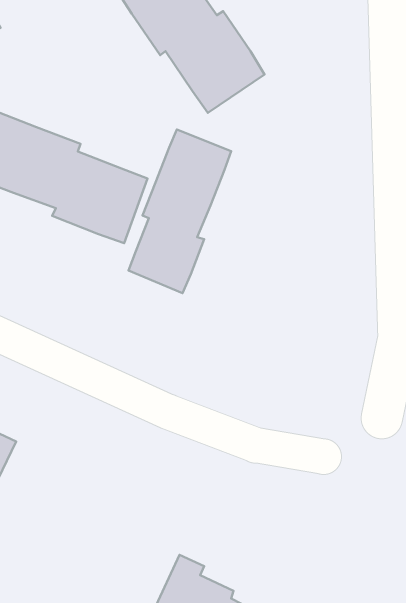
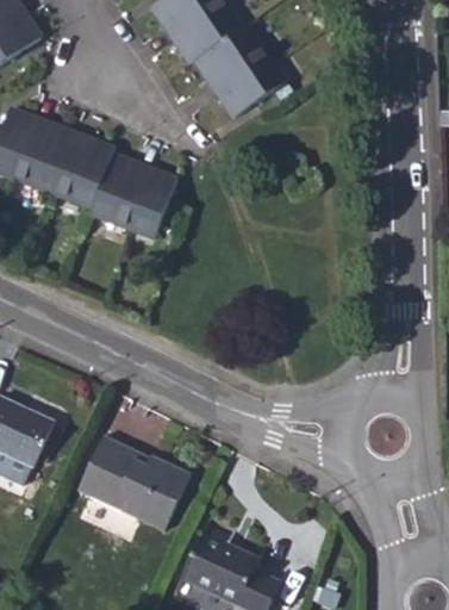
building: [129,129,231,293] -> none
building: none -> [77,437,189,531]

